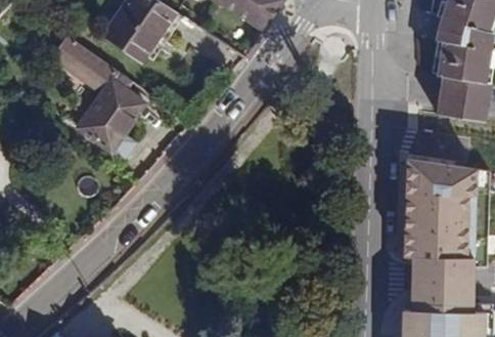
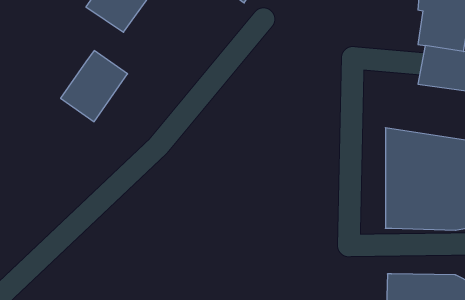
building: [55,35,118,91] -> none
building: [410,259,475,306] -> none

